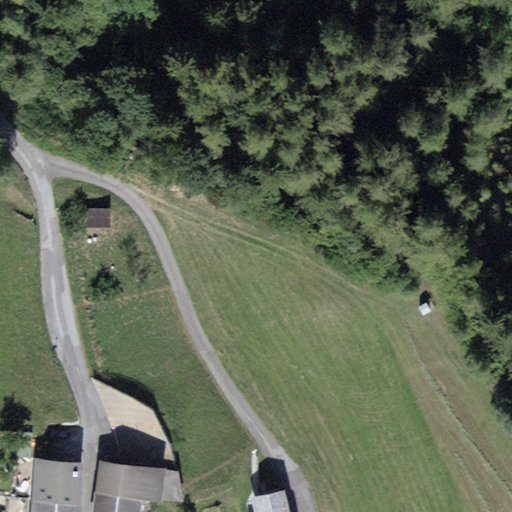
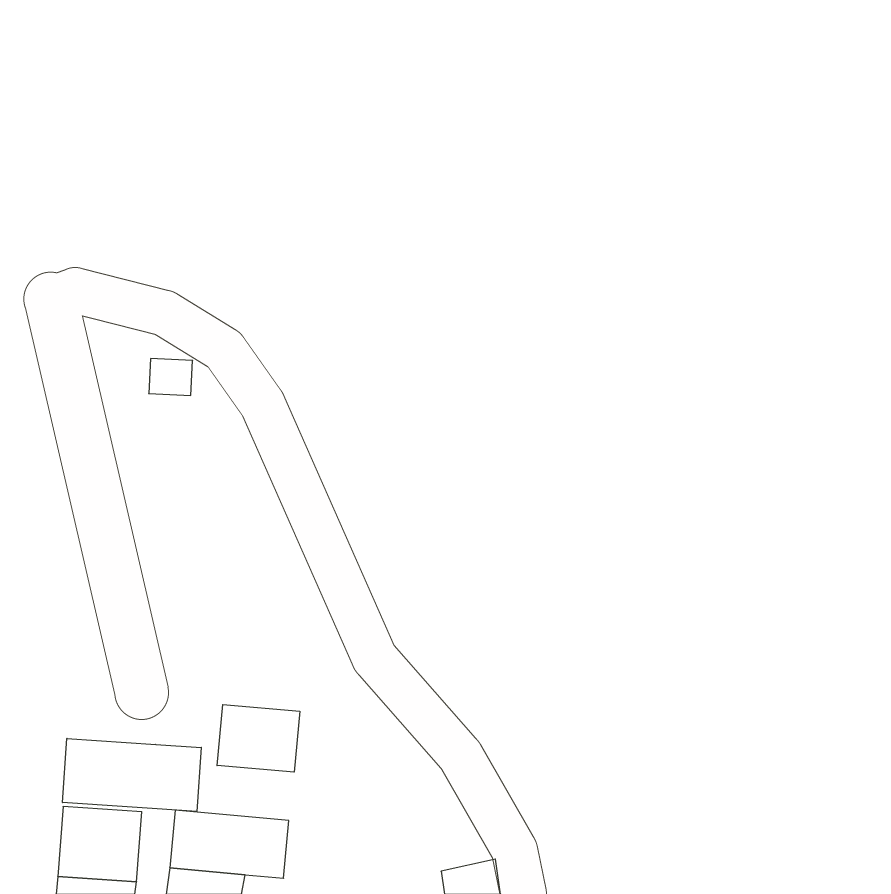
building: none -> [217,705,300,772]
building: none -> [63,738,201,811]

